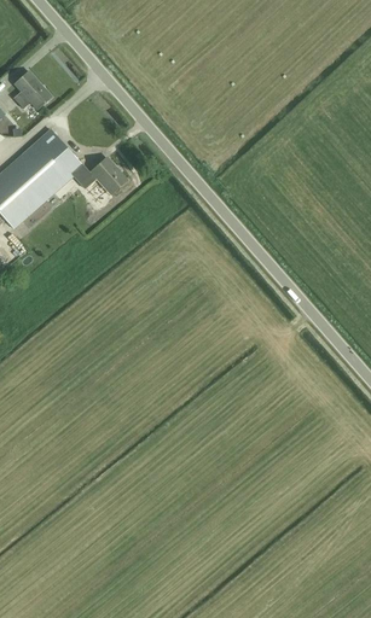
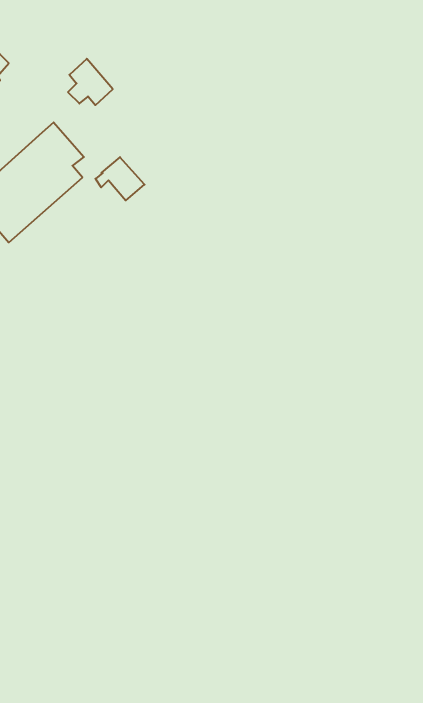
building: [16,69,53,107] -> [68,59,113,105]

